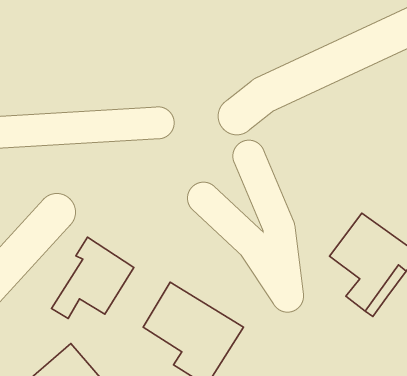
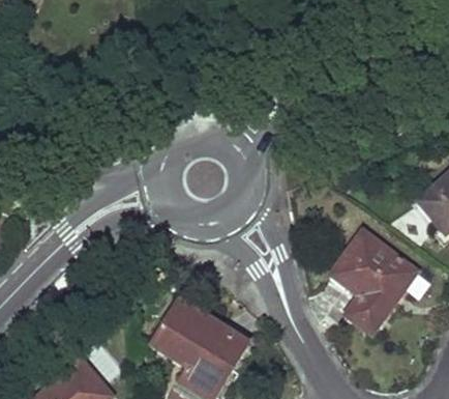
building: [51,237,134,318] -> none

